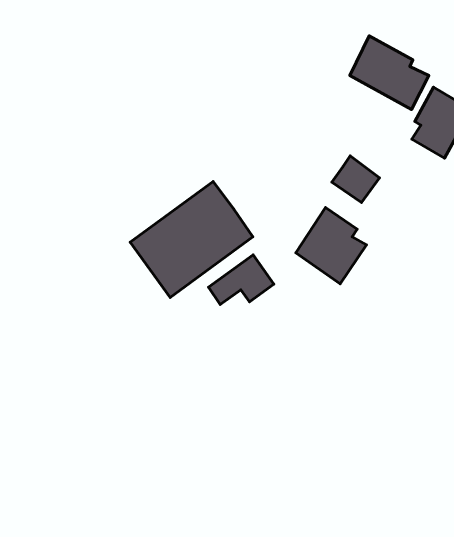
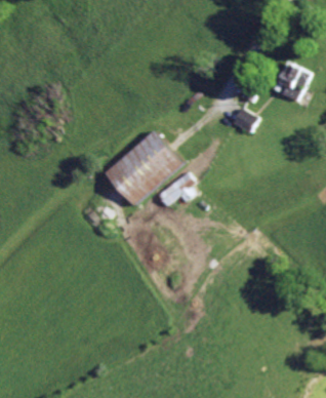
building: [350,36,429,109] -> none
building: [296,207,366,284] -> none

